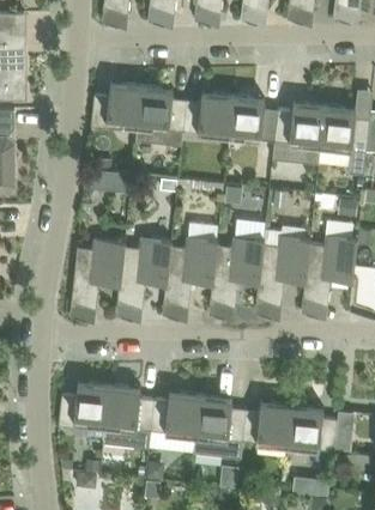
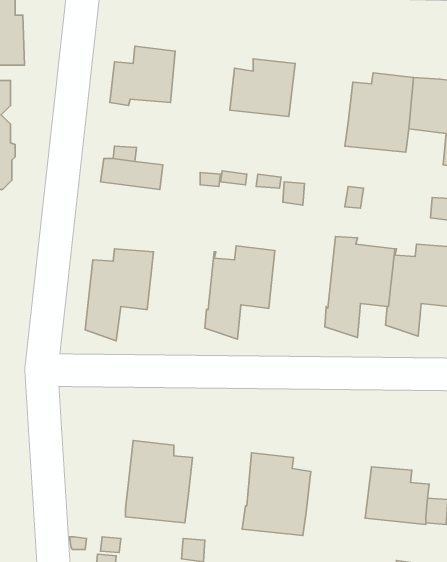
building: [135,87,187,146] -> none
building: [229,97,278,142] -> none
building: [211,237,264,308] -> none
building: [117,238,171,309] -> none
building: [59,383,109,439] -> none
building: [151,393,200,437] -> none
building: [242,403,292,447] -> none

